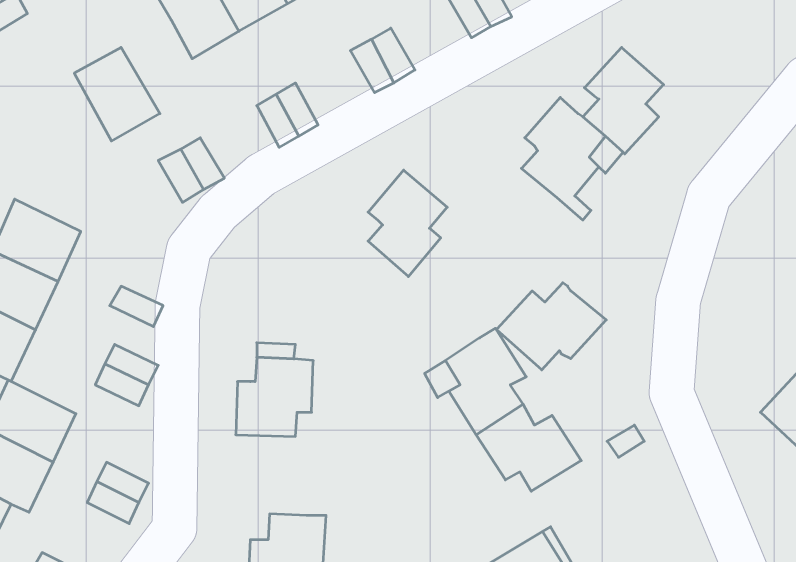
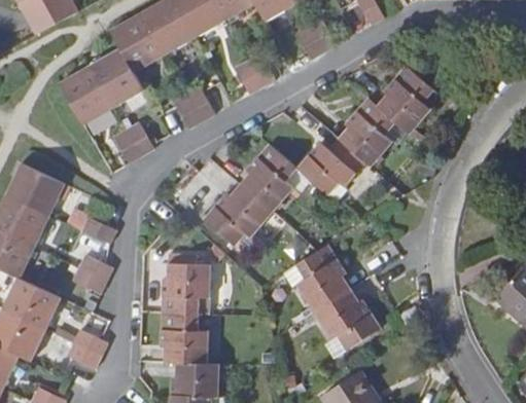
building: none -> [89,47,144,107]
building: none -> [204,188,272,243]
building: [496,283,606,370] -> [296,137,366,192]
building: none -> [161,312,209,363]

